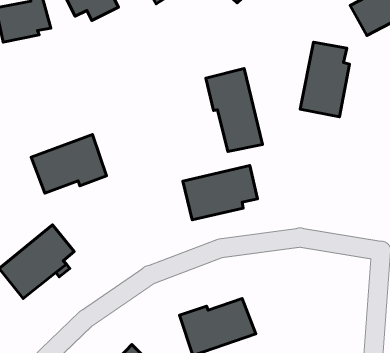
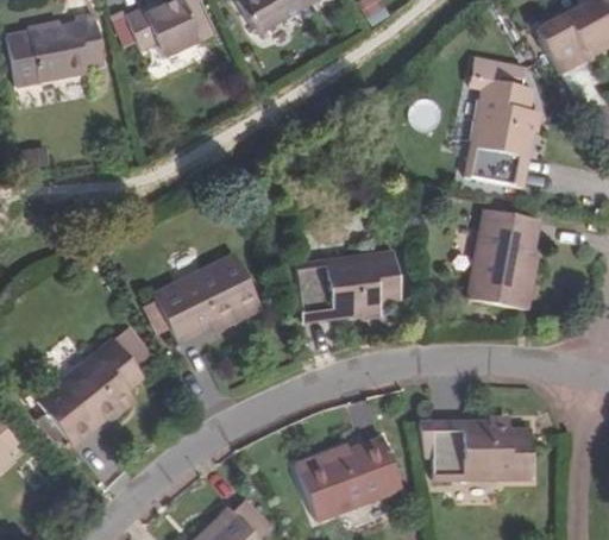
building: [206,68,262,151] -> none
building: none -> [469,207,540,308]
building: [31,135,107,193] -> [152,264,259,347]
building: none -> [432,419,530,478]

